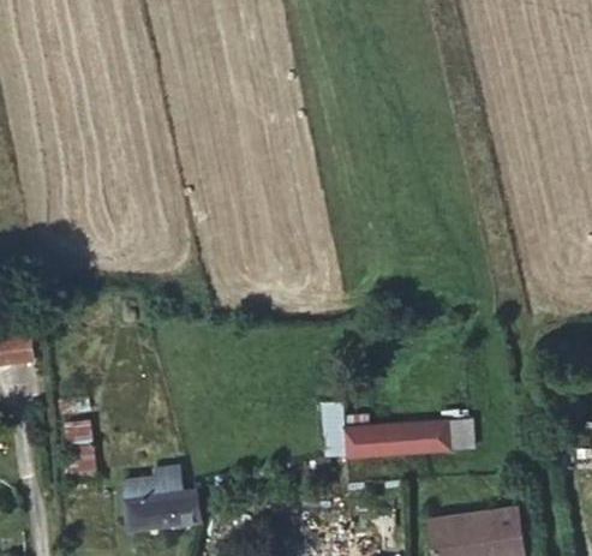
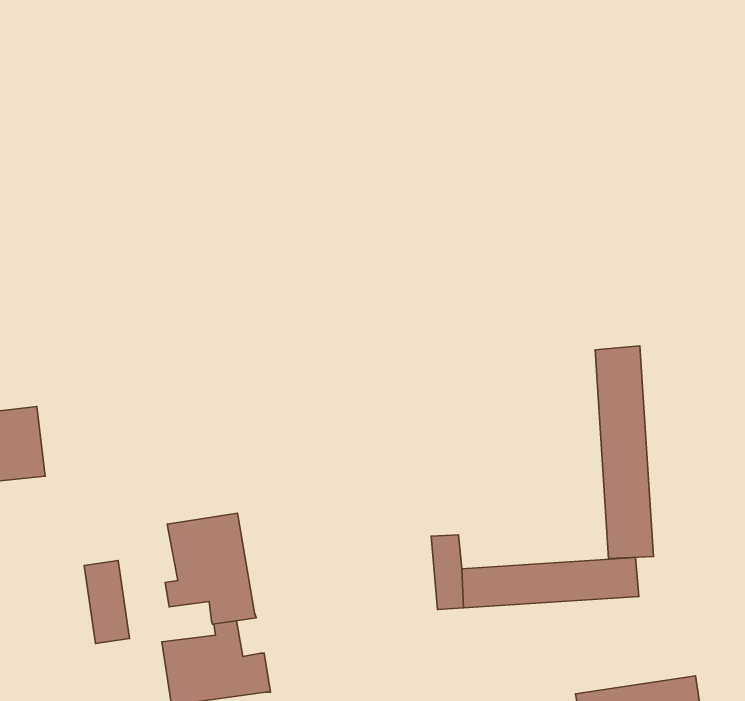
building: none -> [595,346,653,559]
building: none -> [165,513,256,624]

